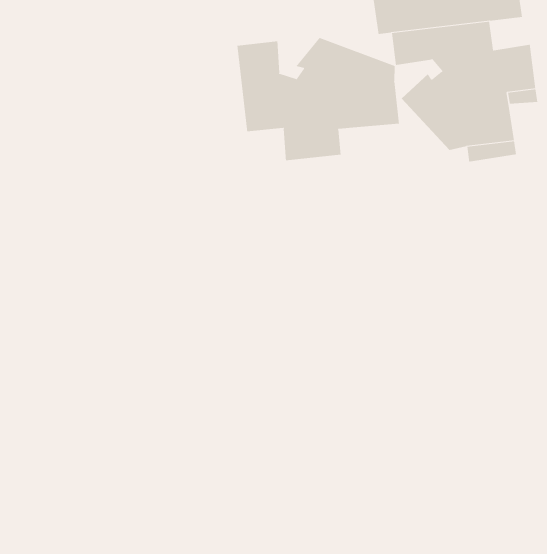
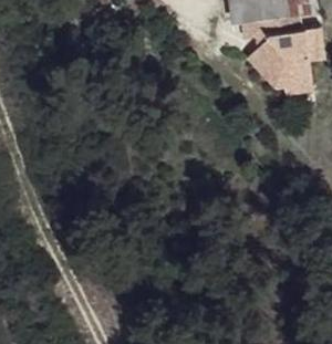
building: [237,37,400,161] -> none

